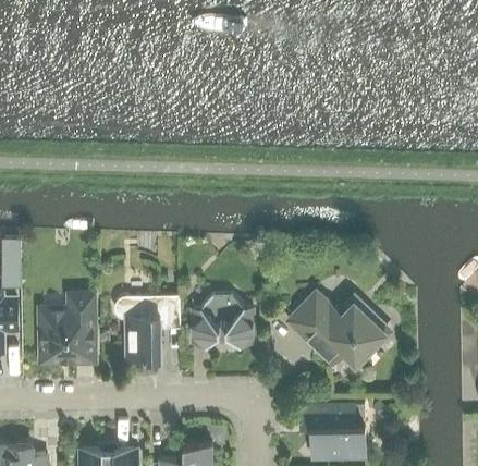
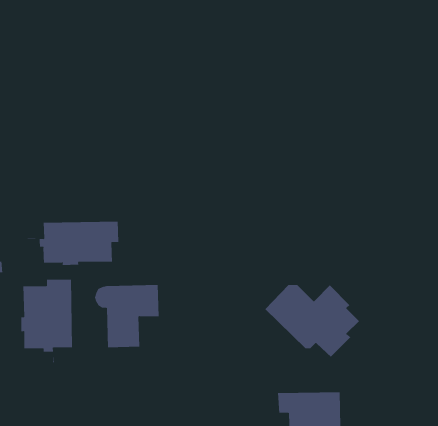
building: none -> [27,221,119,266]
building: [193,295,254,346] -> none

